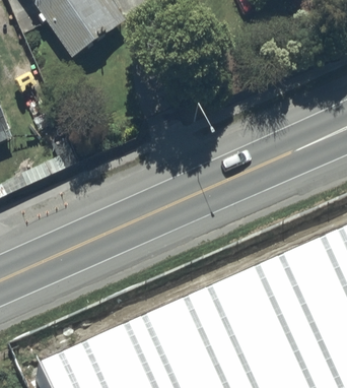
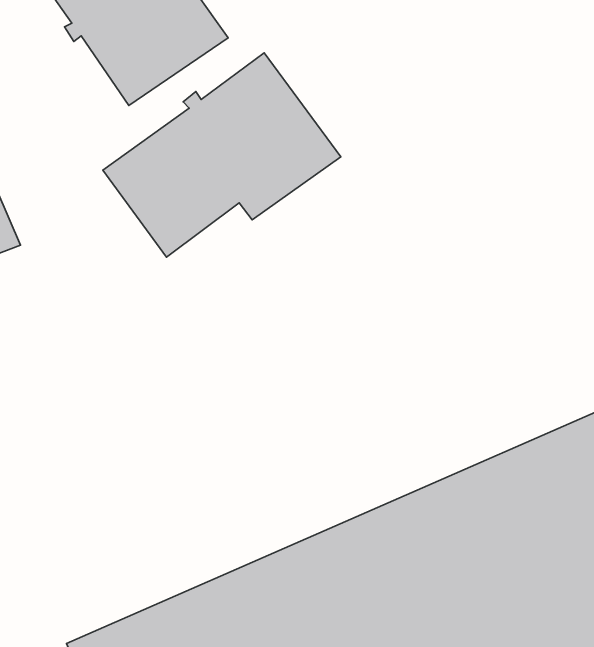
building: none -> [103,53,341,257]

